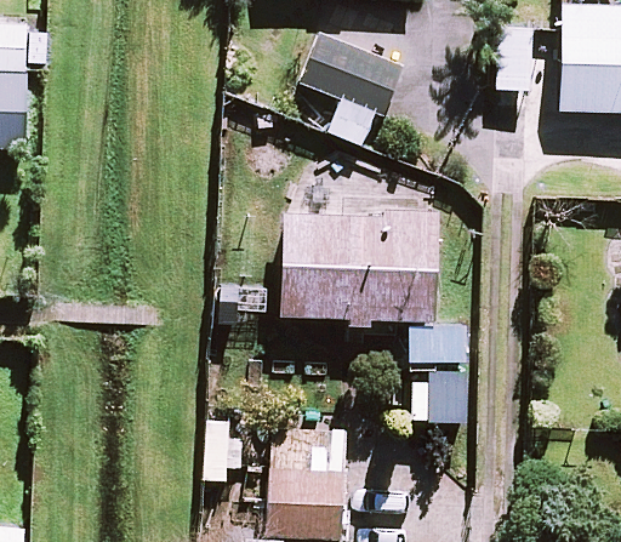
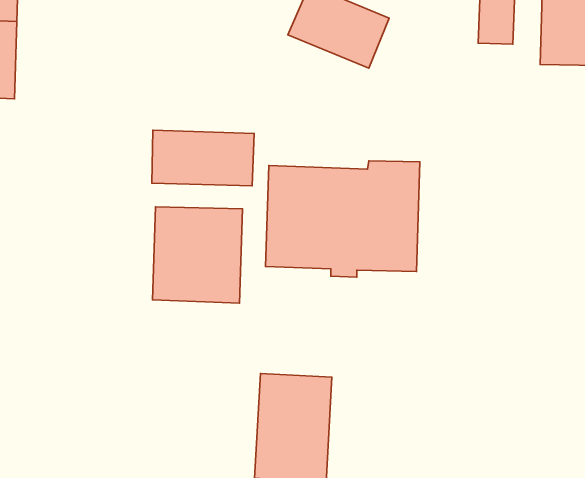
building: none -> [152,130,254,186]
building: none -> [152,207,243,303]

